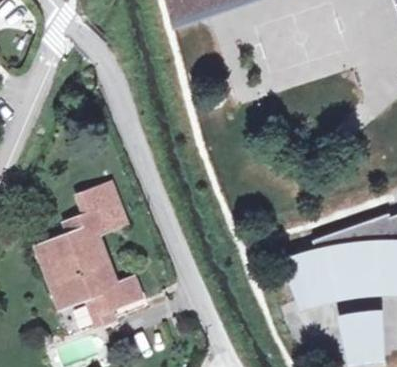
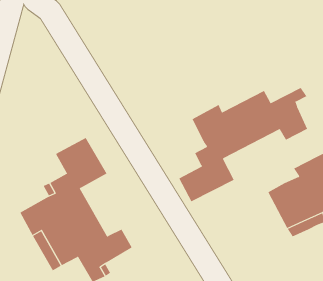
building: none -> [178,87,308,202]

